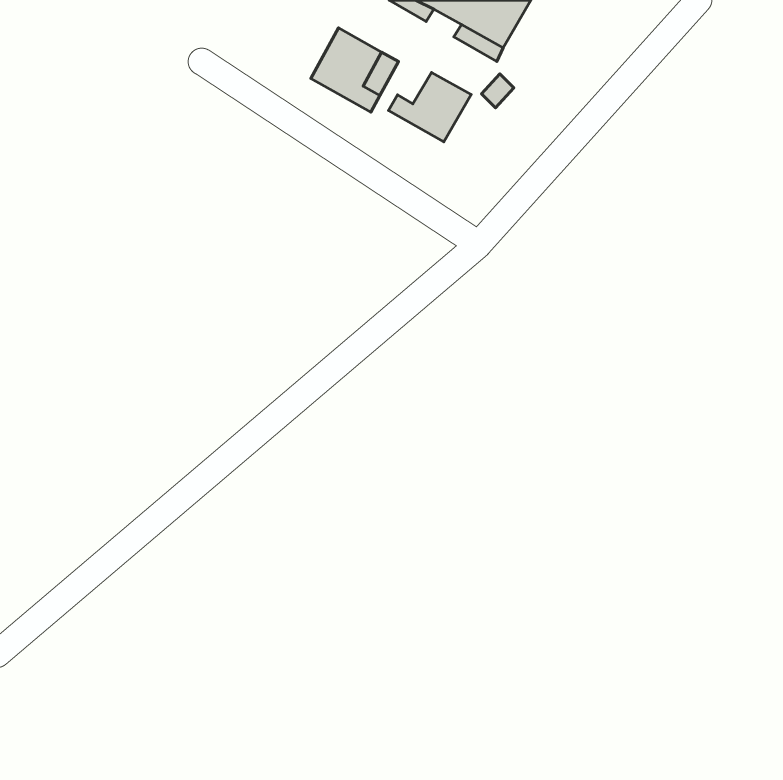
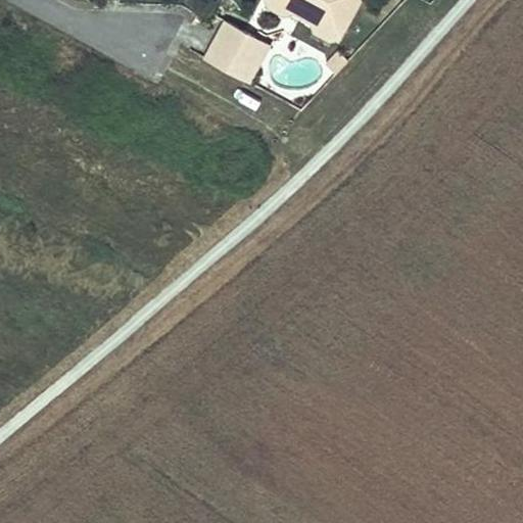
building: [388,72,471,142] -> none

